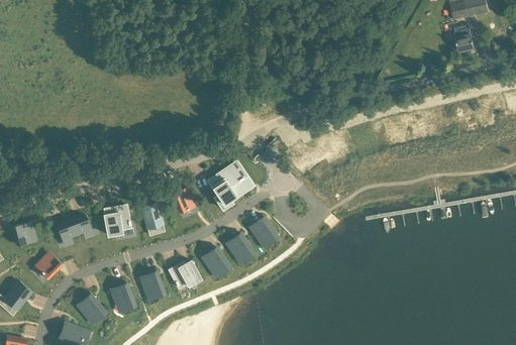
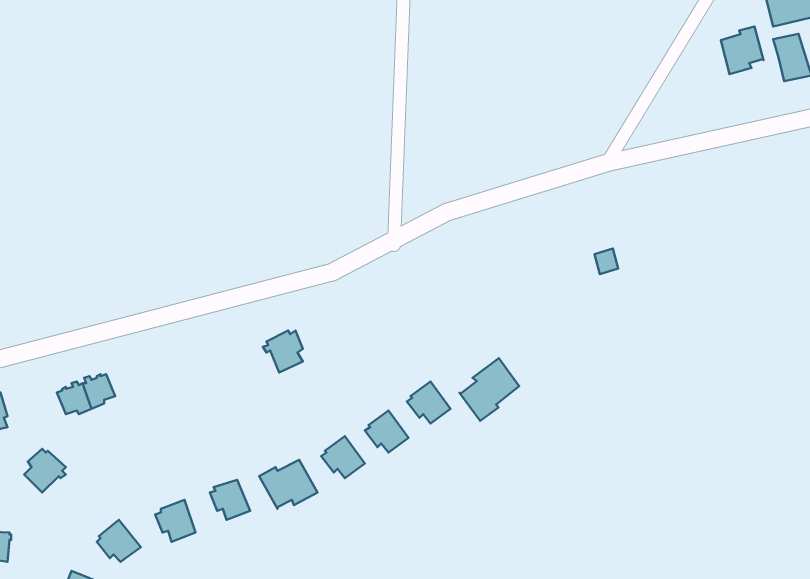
building: none -> [721,26,763,74]
building: [199,168,243,208] -> none
building: [140,203,163,229] -> none
building: none -> [460,358,519,421]
building: [104,206,131,236] -> none

